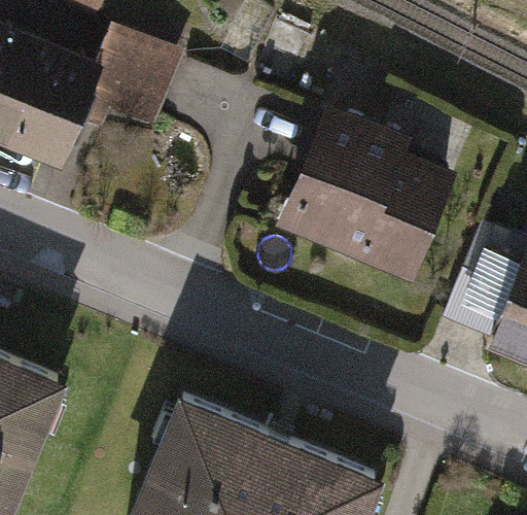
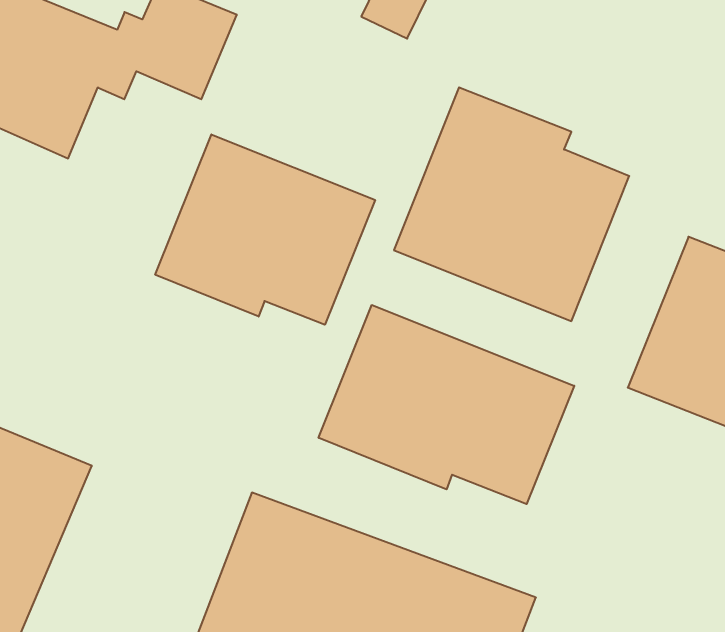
building: none -> [155,134,375,325]
building: none -> [319,305,574,504]

